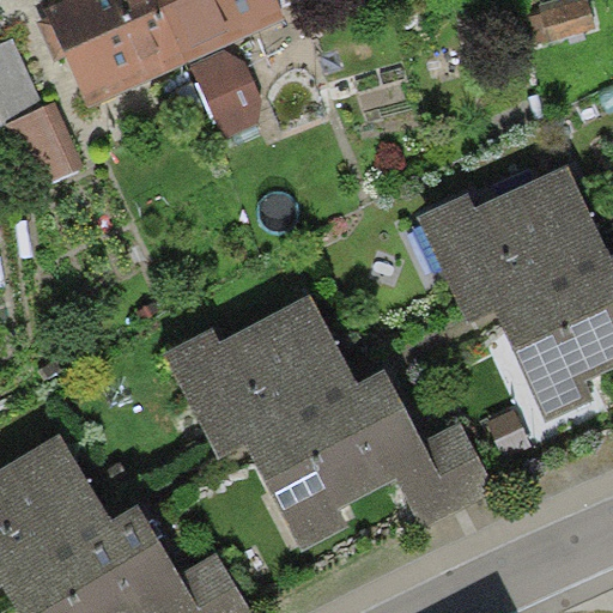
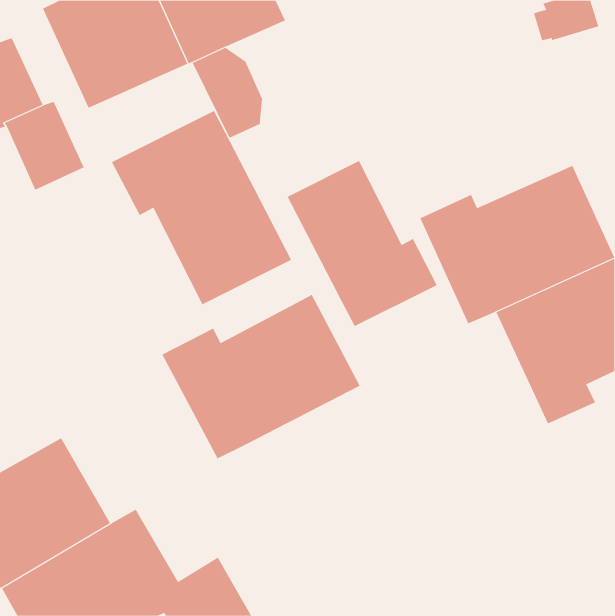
building: none -> [111,110,292,305]
building: none -> [287,160,437,327]
building: [244,370,497,551] -> none

